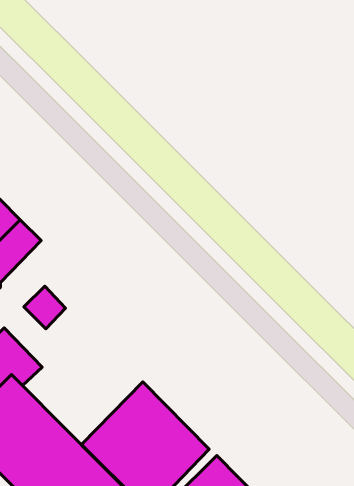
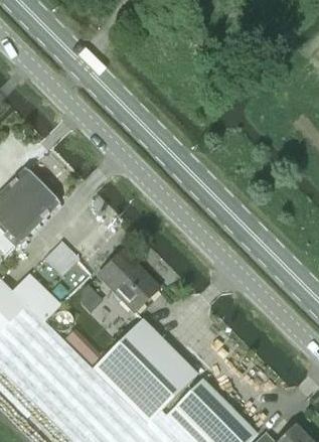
building: none -> [98,250,159,312]

